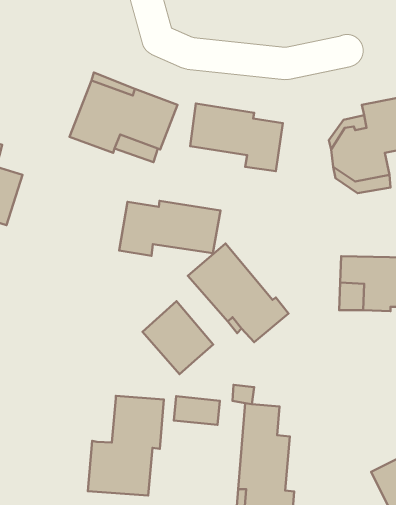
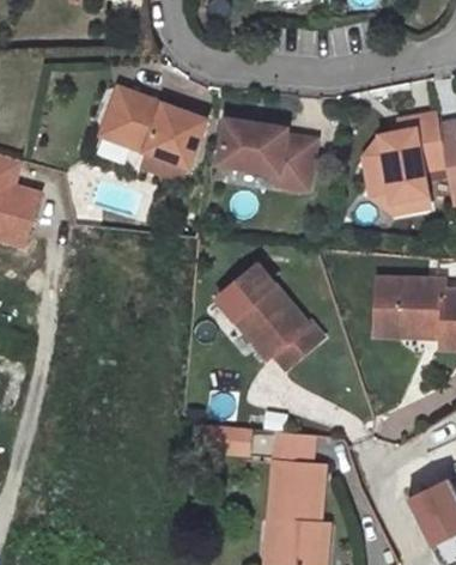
building: [119,201,220,256] -> none
building: [143,301,213,374] -> none
building: [88,396,164,496] -> none

